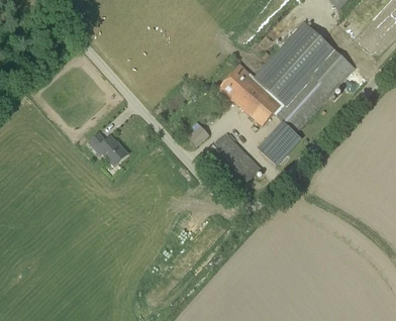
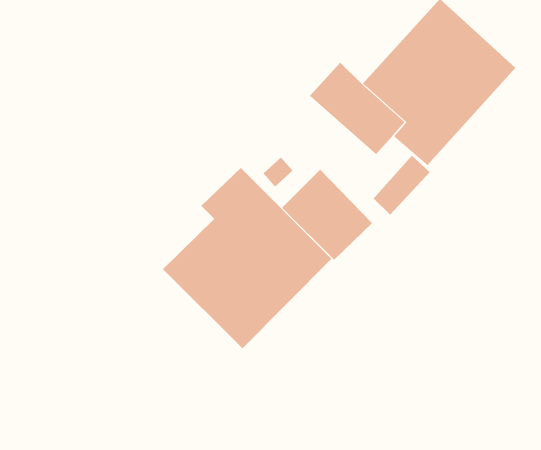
building: none -> [162,167,332,349]
building: [89,131,128,165] -> none

